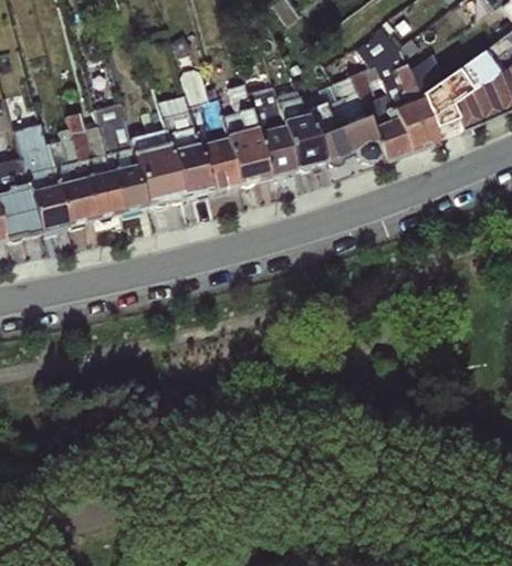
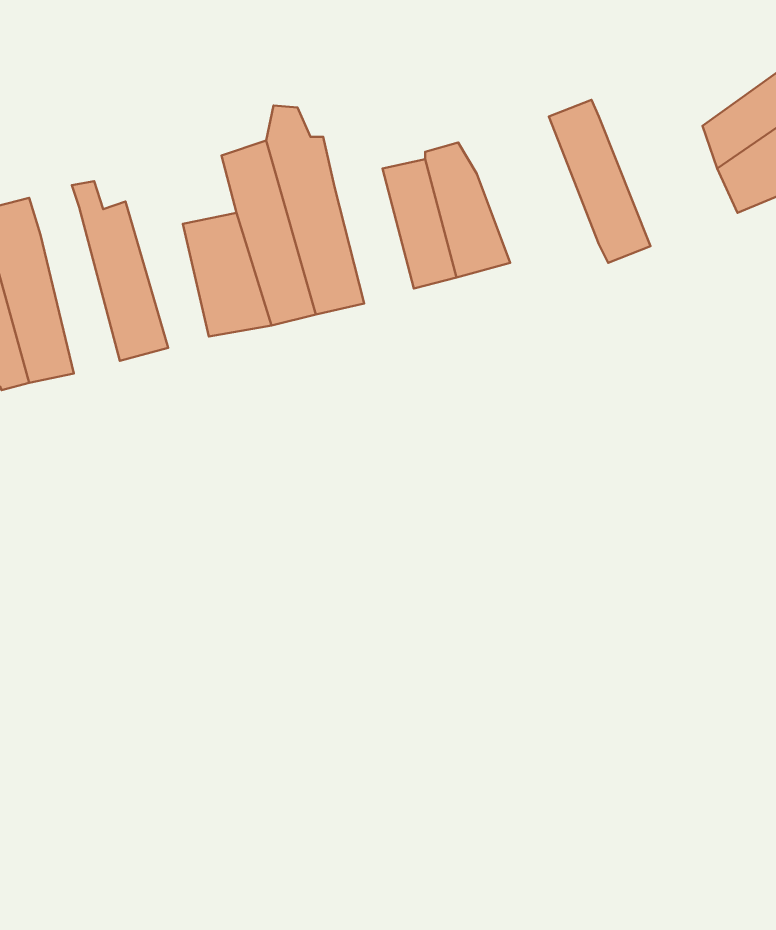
building: [380,42,451,151] -> none
building: [307,74,380,161] -> none
building: [222,85,270,186] -> none
building: [92,105,147,212] -> none
building: [46,128,94,228] -> none

